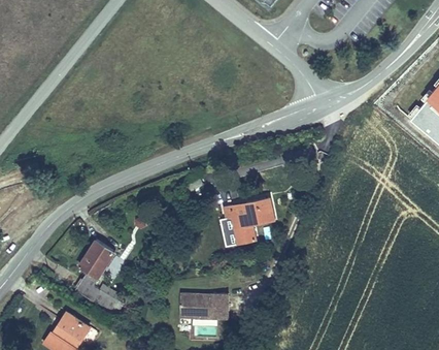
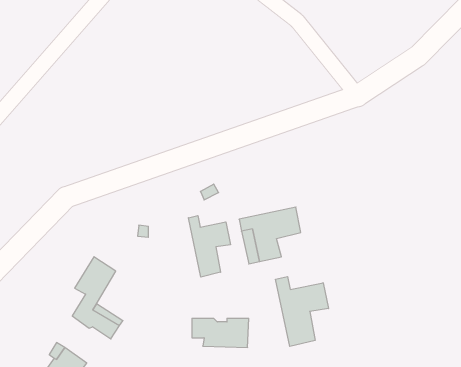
building: none -> [188,216,230,277]
building: none -> [276,277,328,346]

